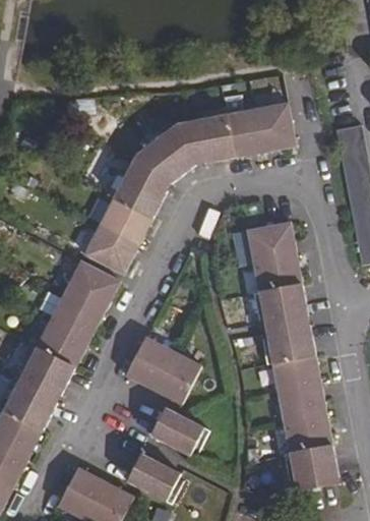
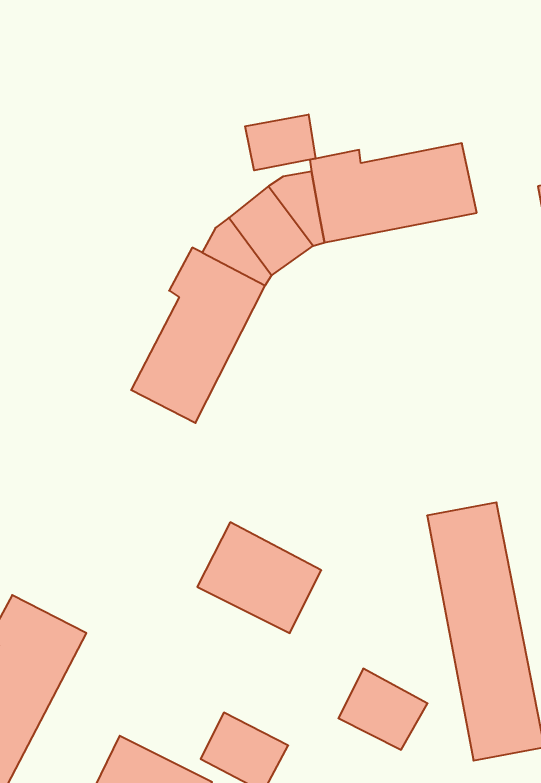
building: none -> [245,114,316,170]
building: [247,222,308,323] -> none
building: [14,260,120,397] -> none
building: [150,406,205,456] -> [338,669,428,750]

